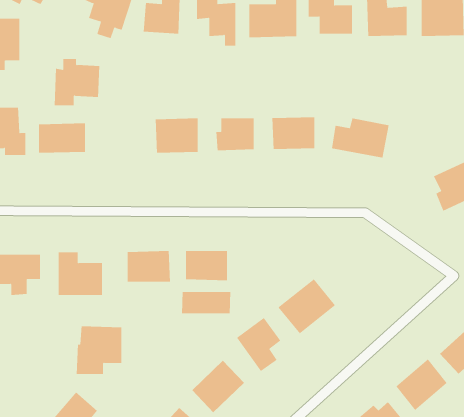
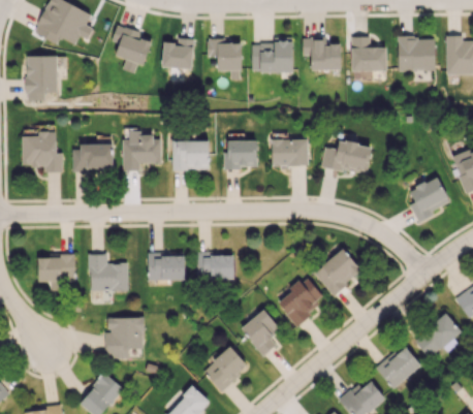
building: [54,58,100,106] -> [123,131,162,171]
building: none -> [314,248,362,295]
building: [181,291,231,314] -> none

